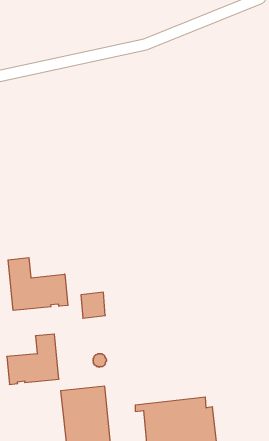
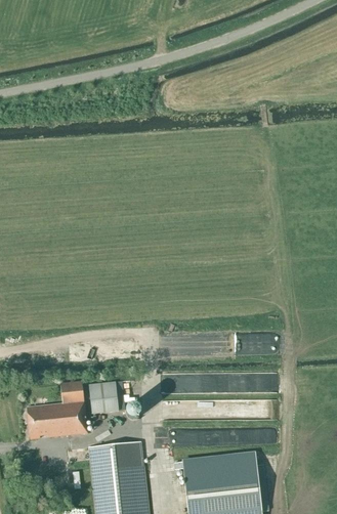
building: [8,258,68,310] -> none
building: [81,292,105,318] -> [90,382,118,412]

